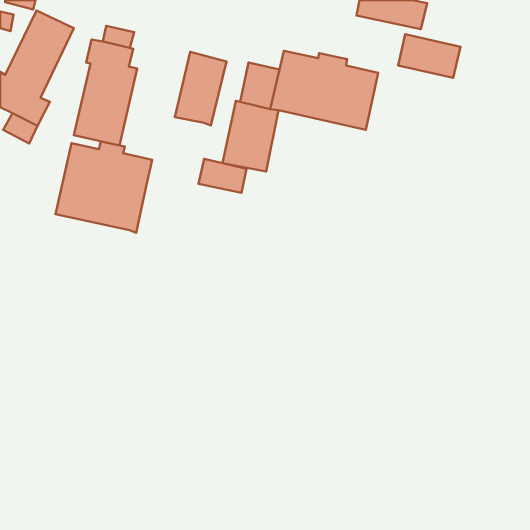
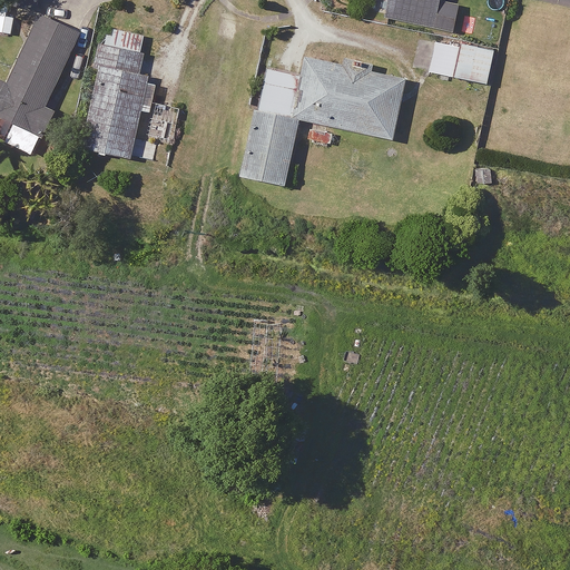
building: [175,52,227,125] -> none
building: [55,141,152,233] -> none
building: [199,159,246,193] -> none

